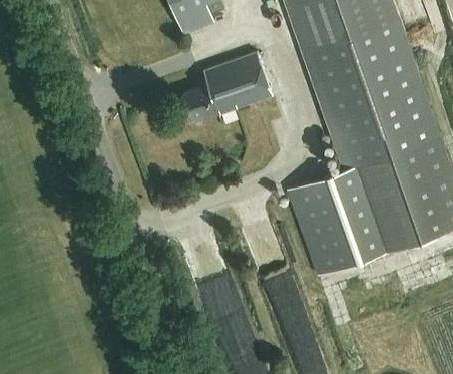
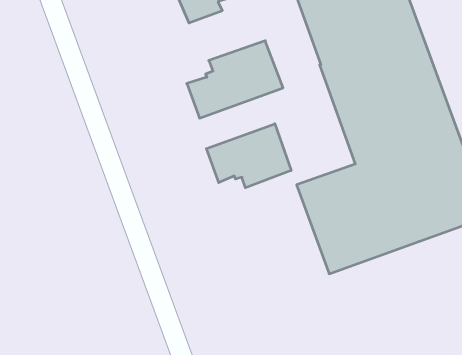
building: none -> [206,124,291,188]

